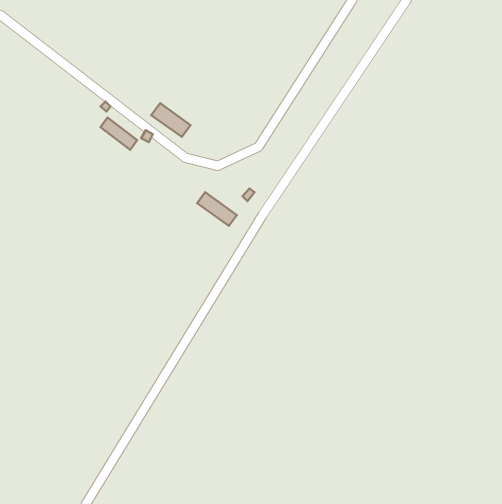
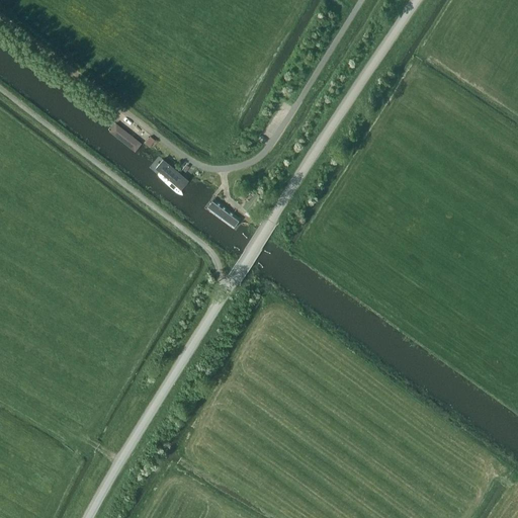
building: [151,103,191,137] -> [151,157,191,191]

